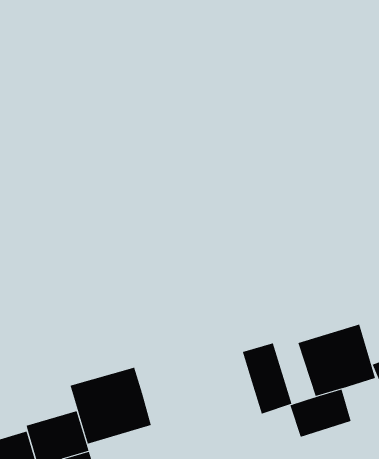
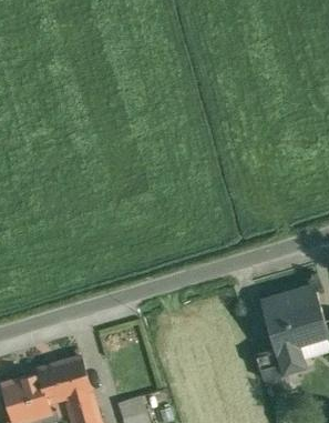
building: [242,343,292,414] -> none
building: [70,367,151,445] -> none

